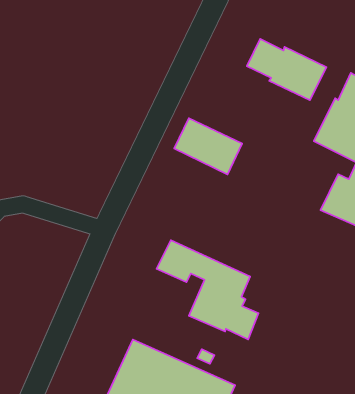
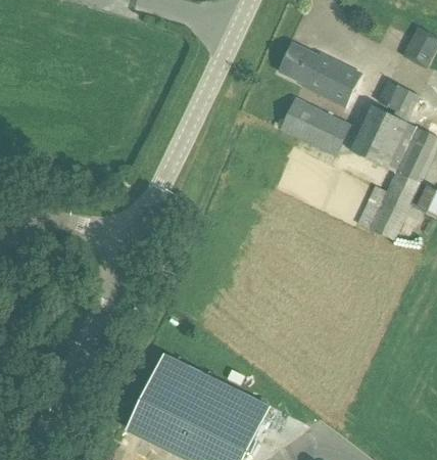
building: [174,118,242,175] -> [280,96,351,155]
building: [156,240,258,339] -> none

